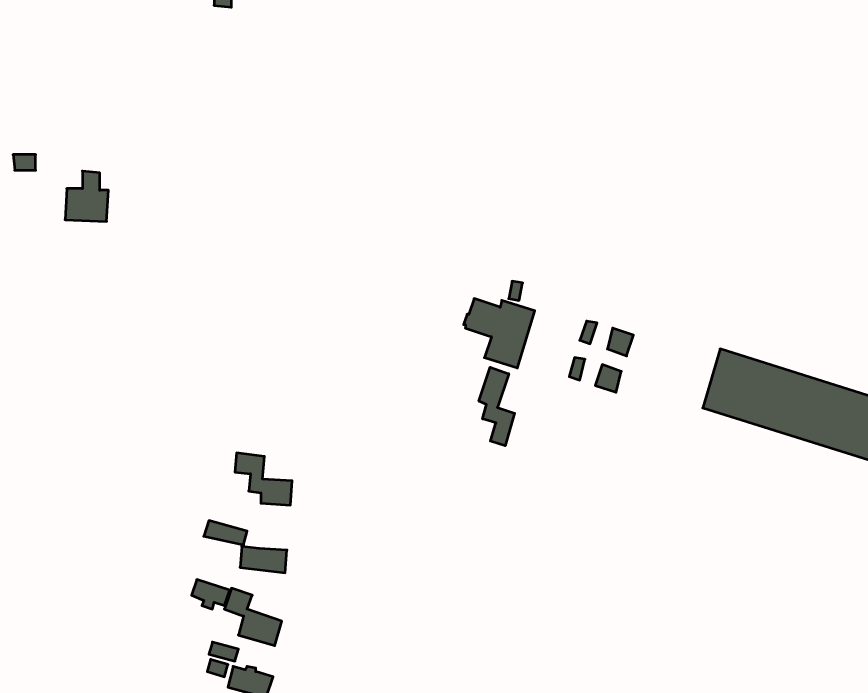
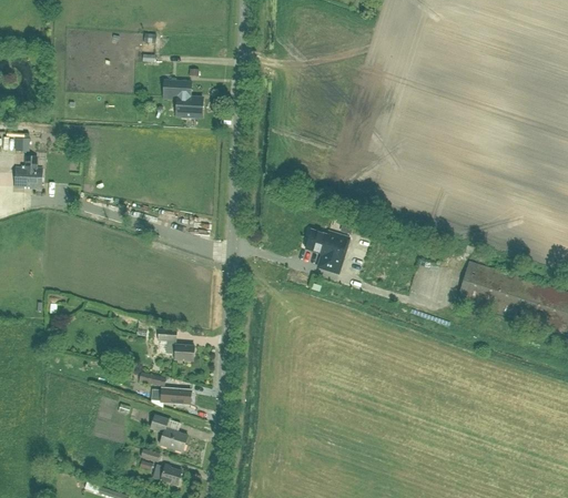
building: none -> [162,80,202,119]
building: [65,171,108,221] -> [13,156,41,189]
building: [479,367,515,446] -> none

